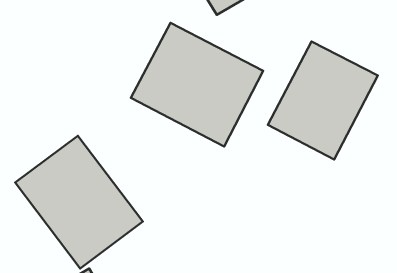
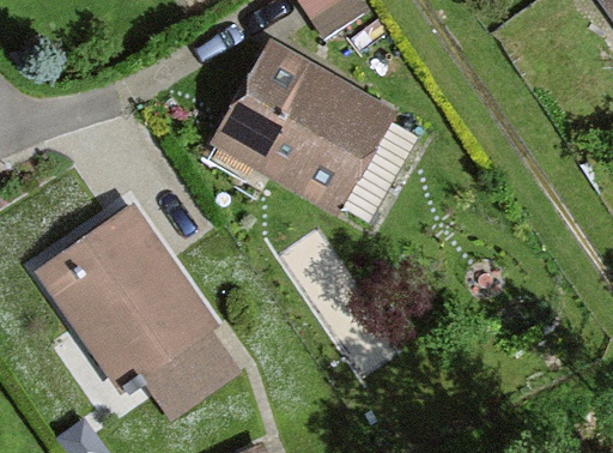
building: [268,41,378,159] -> none

